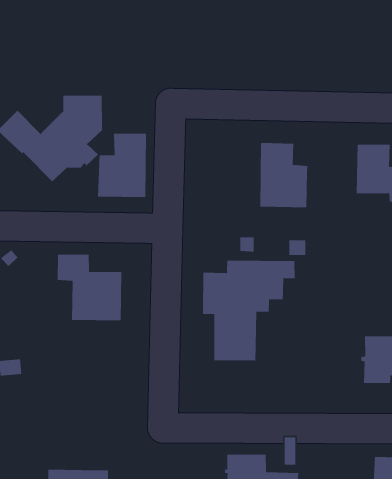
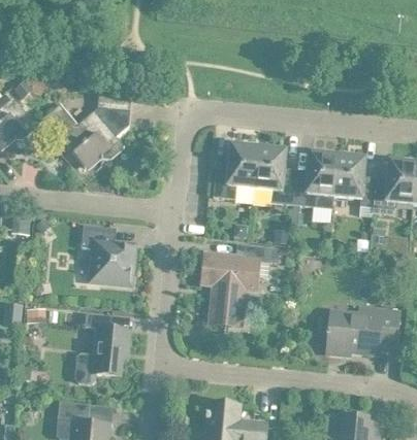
building: [97,133,147,198] -> [213,145,258,201]
building: none -> [292,153,338,209]
building: none -> [75,314,130,383]

